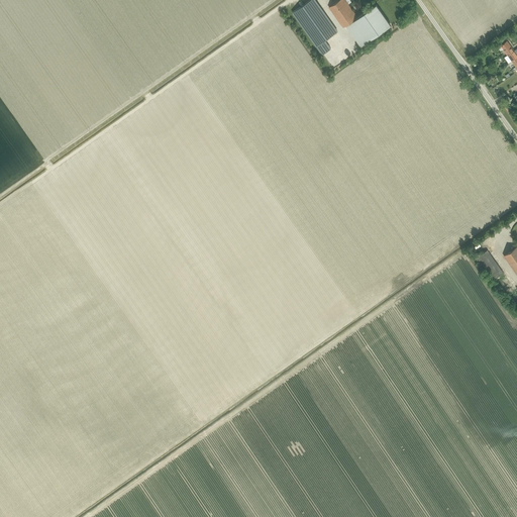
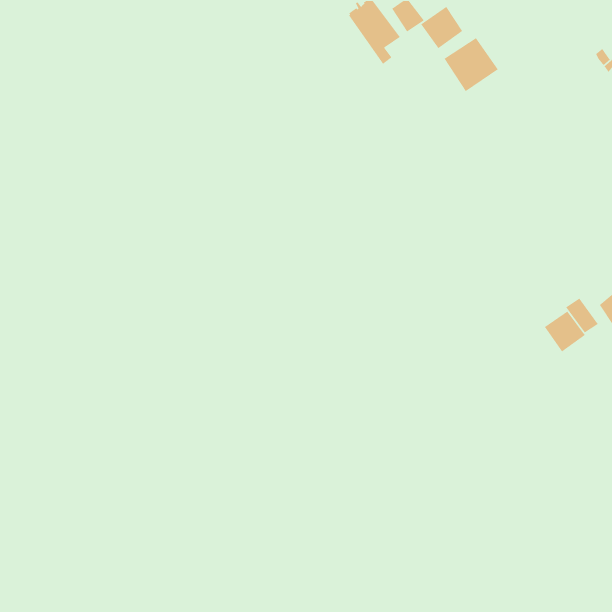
building: none -> [443,37,499,92]
building: none -> [544,311,586,353]

